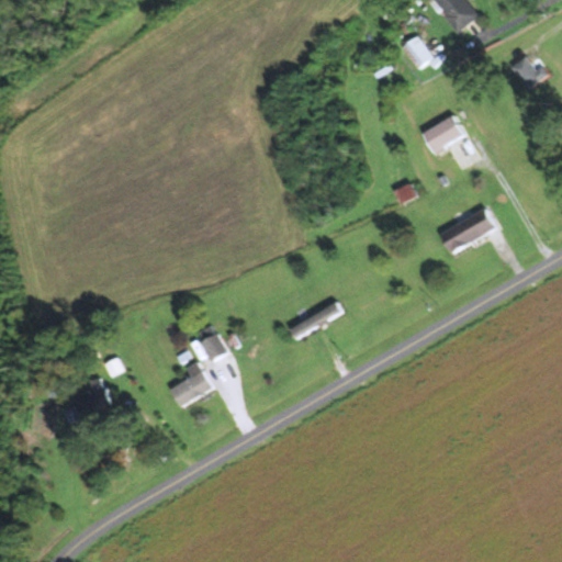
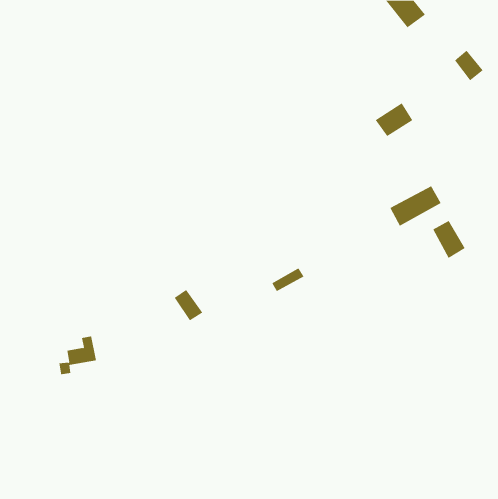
building: [401,36,434,69] -> none
building: none -> [433,220,465,259]
building: [169,360,213,406] -> none

